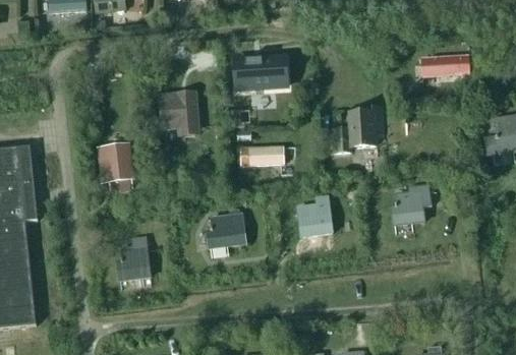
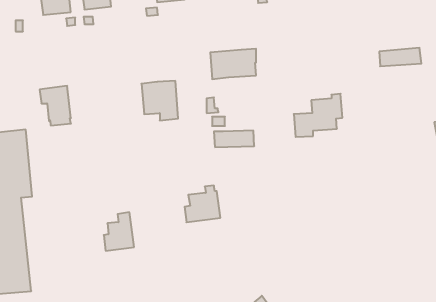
building: [98,143,132,187] -> [40,86,71,125]
building: [391,182,432,224] -> none
building: [299,202,333,236] -> none

